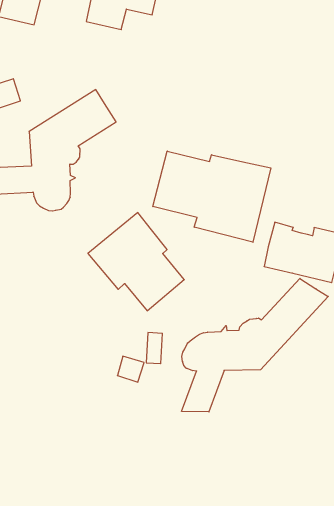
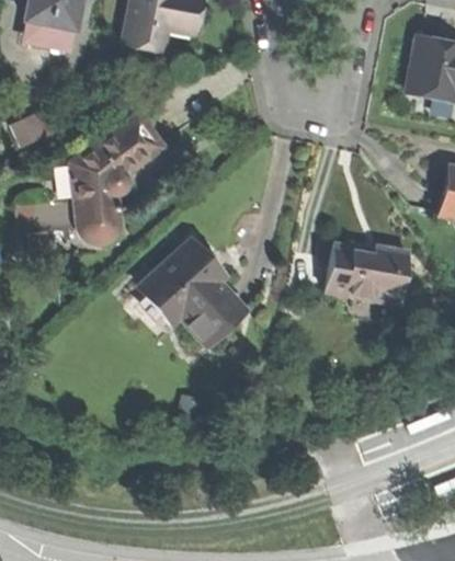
building: [153,151,271,242] -> none
building: [182,278,328,412] -> none

